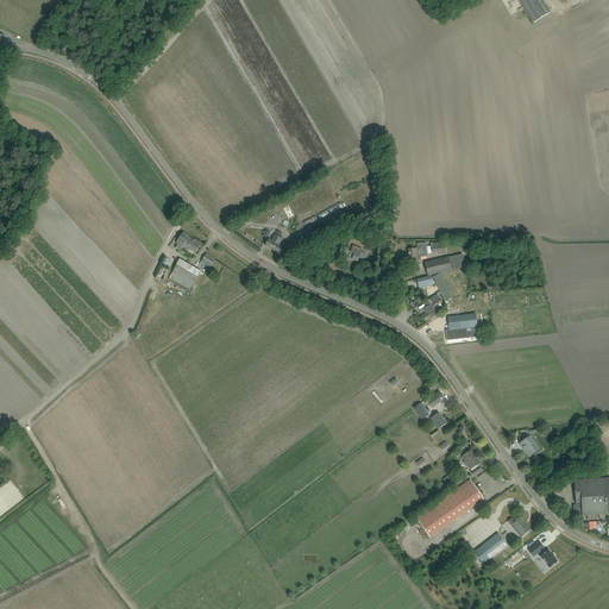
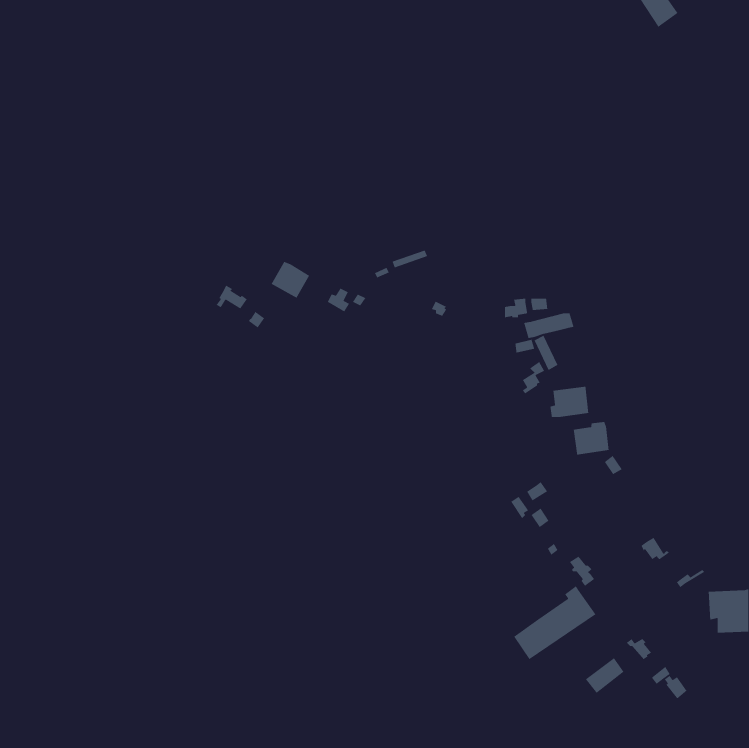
building: [169,258,201,289] -> [271,261,310,299]
building: none -> [573,421,609,455]

